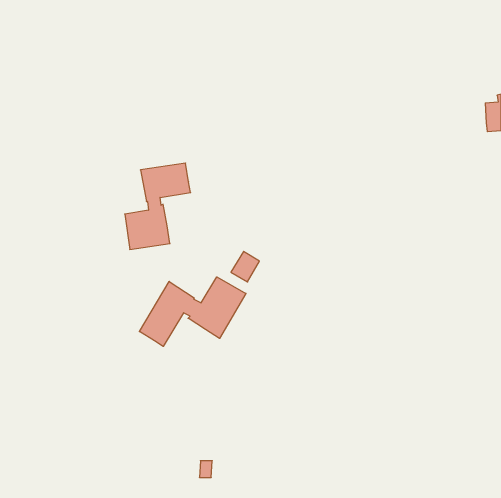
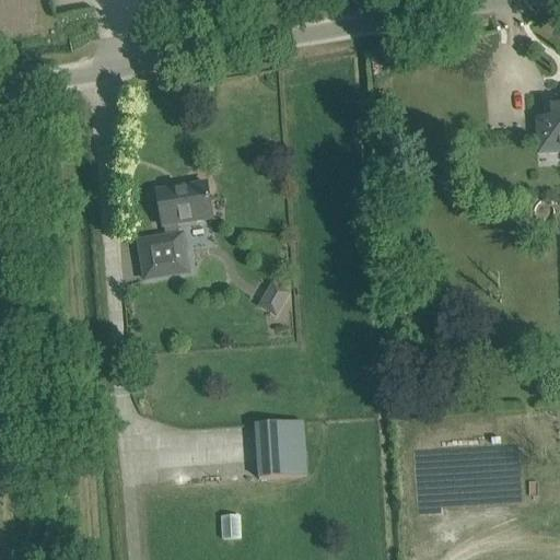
building: [139,277,246,346] -> none
building: none -> [255,420,306,476]

